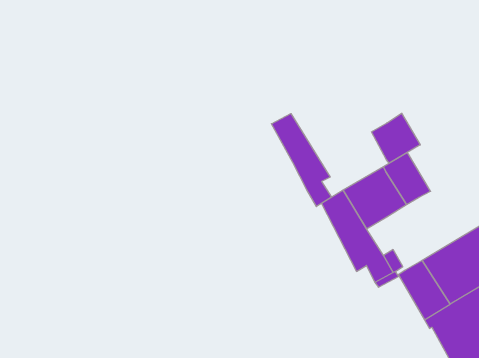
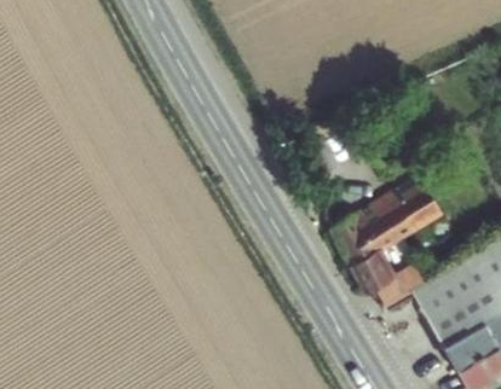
building: [372,113,420,163] -> none
building: [271,114,331,207] -> none

